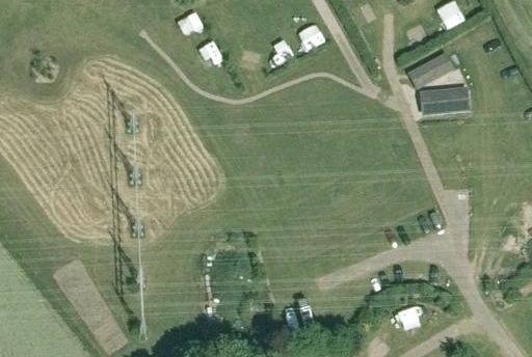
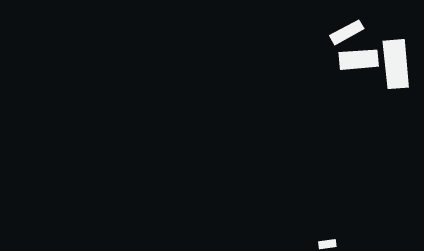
building: none -> [382,38,410,90]

